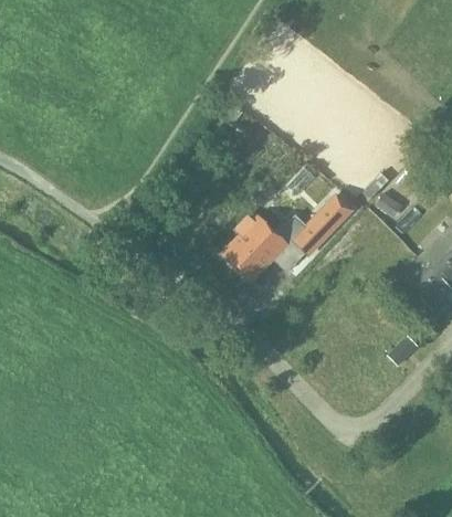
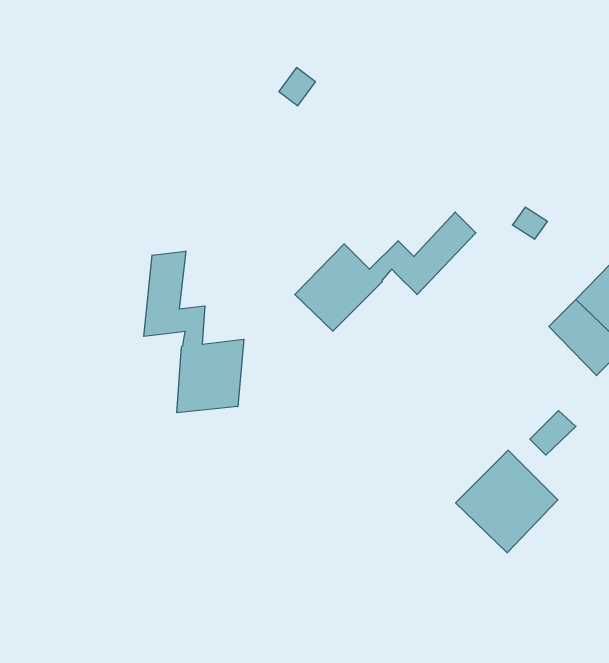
building: none -> [144,251,244,413]
building: none -> [456,450,558,553]

